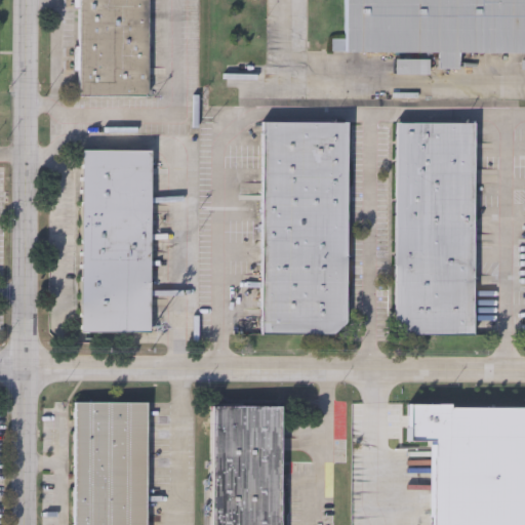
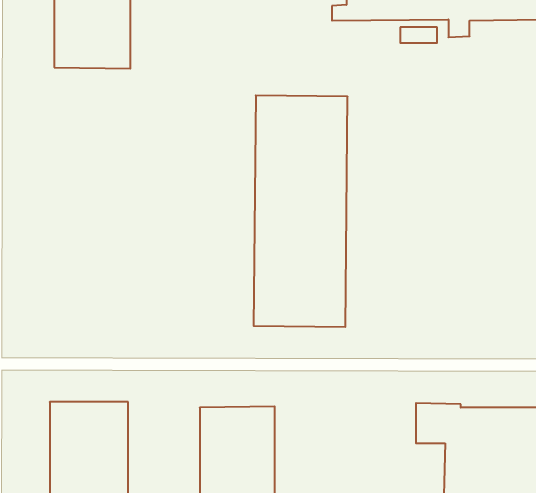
building: [397,122,474,334] -> none
building: [83,151,152,332] -> none

